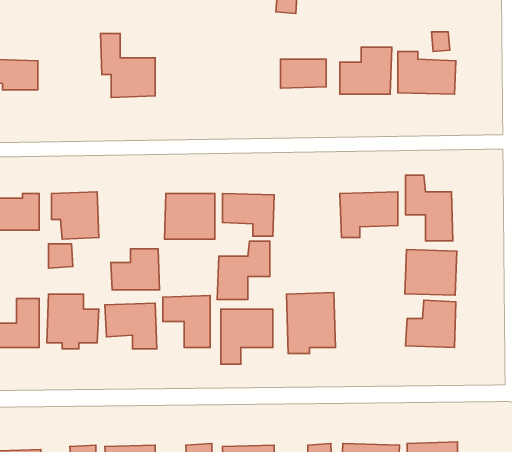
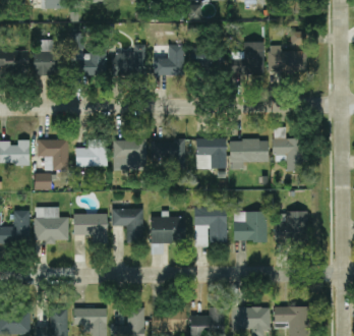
building: none -> [33,40,65,75]
building: none -> [111,44,144,75]
building: none -> [154,45,183,75]
building: none -> [195,137,226,168]
building: [217,241,270,300] -> none
building: [111,249,160,290] -> [74,138,107,166]
building: [405,250,457,295] -> [232,211,267,241]

